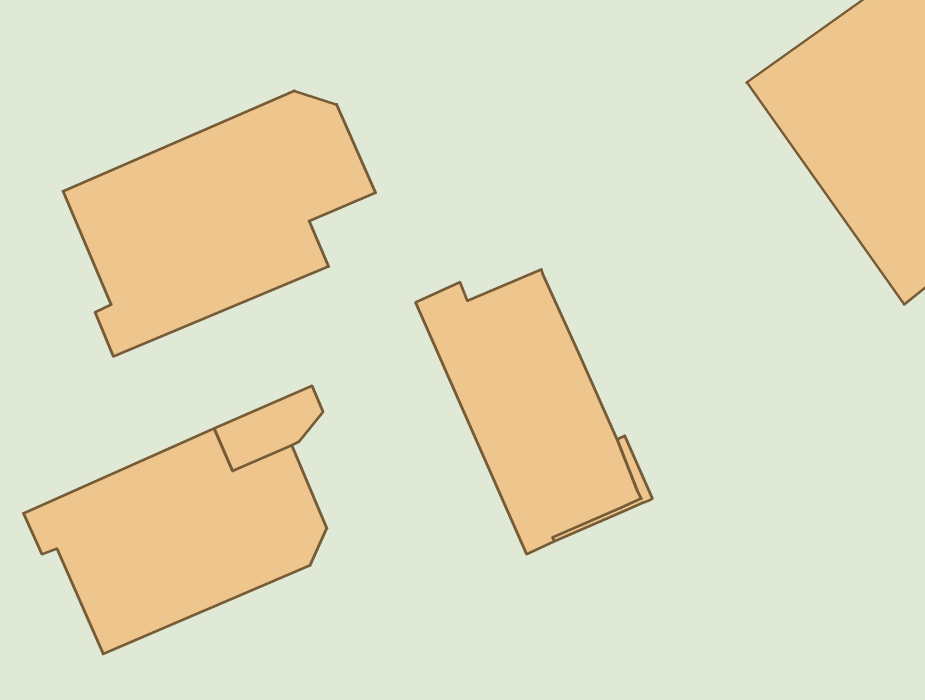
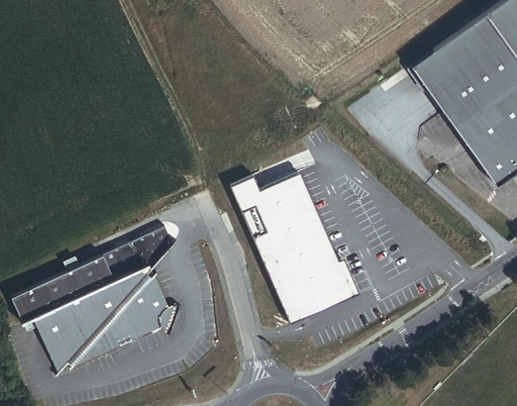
building: [63,91,376,356] -> none

